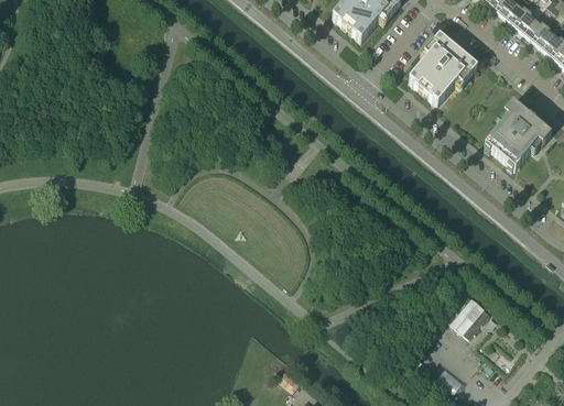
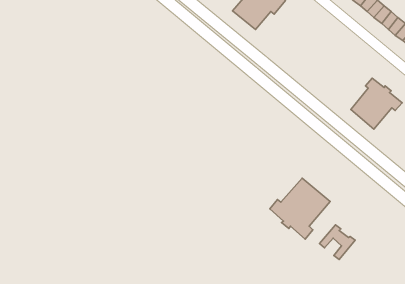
building: [410,37,478,107] -> none
building: none -> [270,178,330,239]

